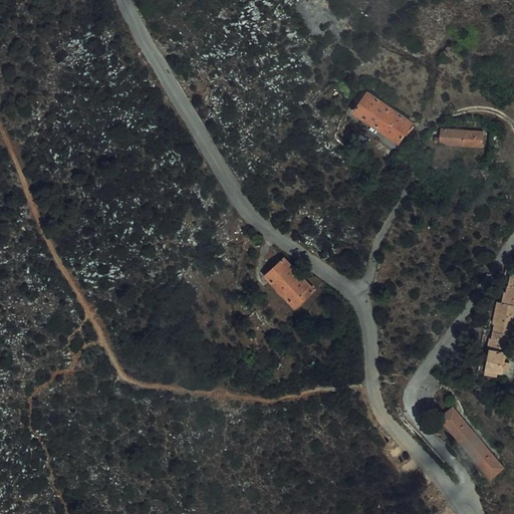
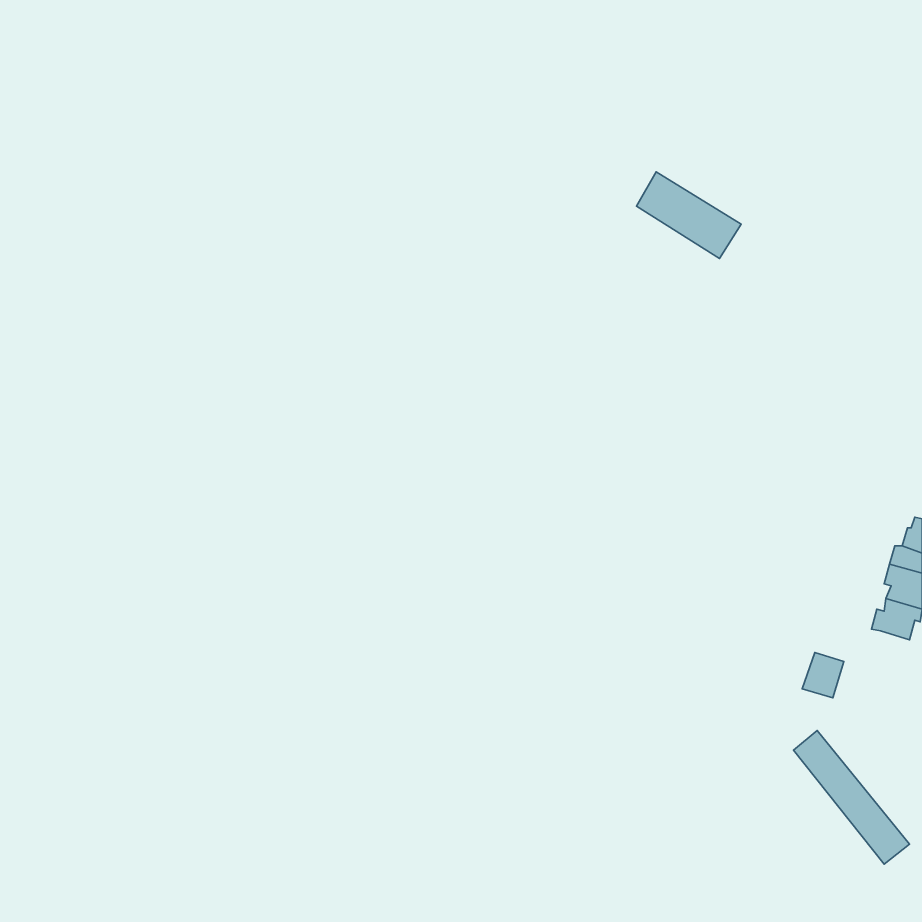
building: [441,128,484,149] -> none
building: [267,260,313,306] -> none
building: [482,351,505,376] -> [802,653,844,698]

